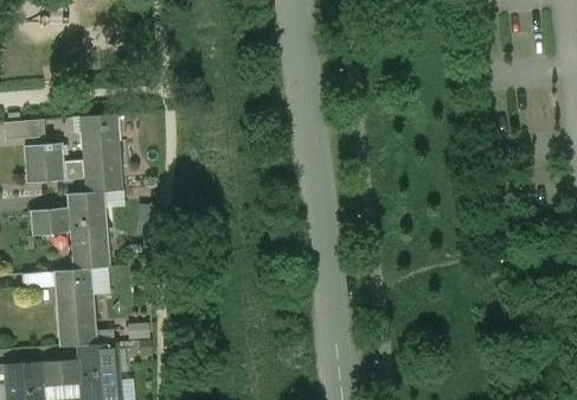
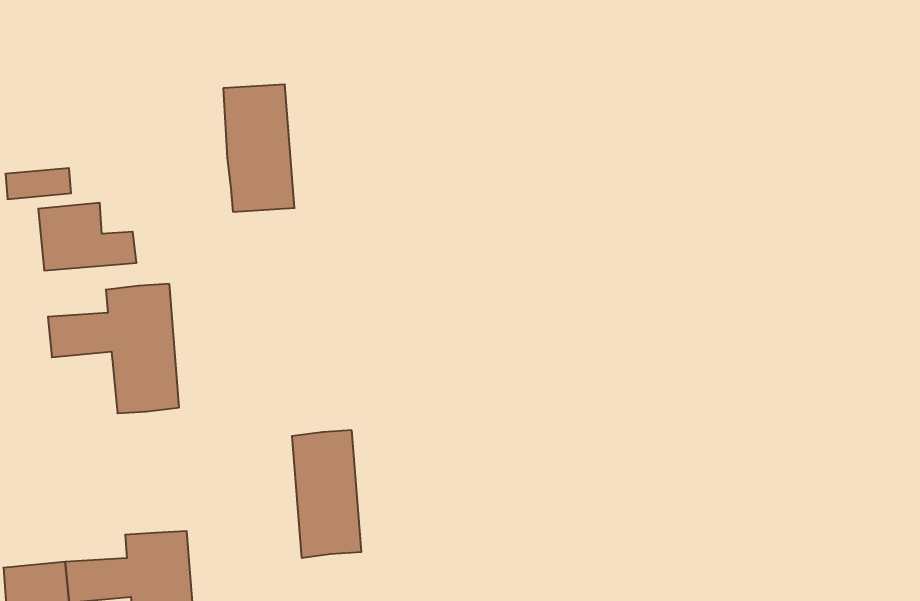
building: [79,114,123,192] -> [223,84,295,212]
building: [53,269,96,348] -> [292,430,361,558]

